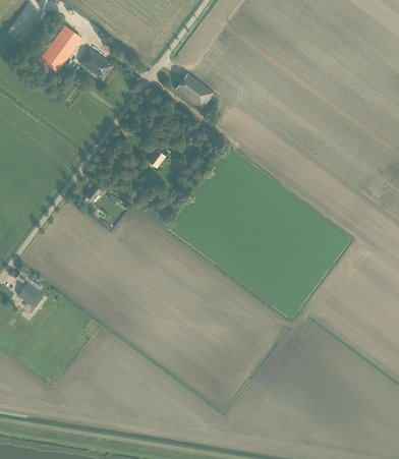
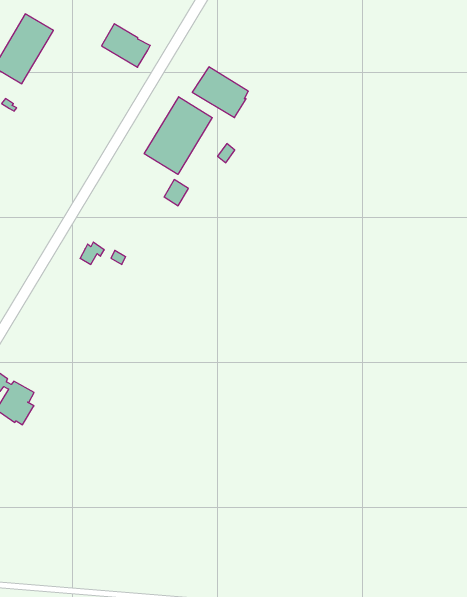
building: [78,47,112,78] -> [102,24,150,67]
building: none -> [144,97,212,174]

